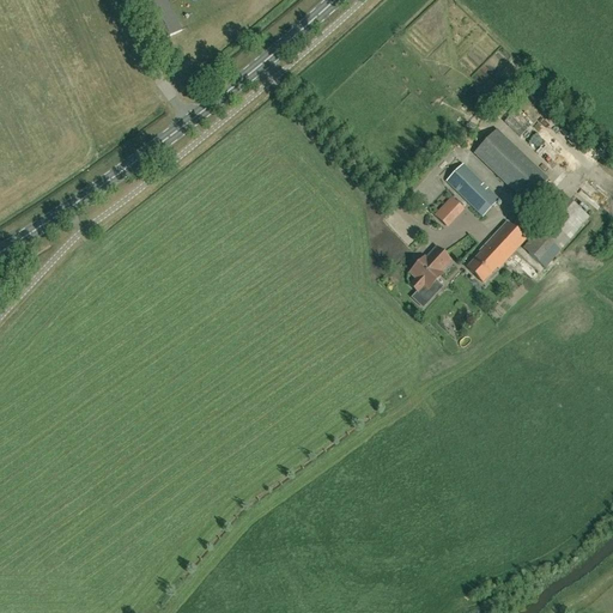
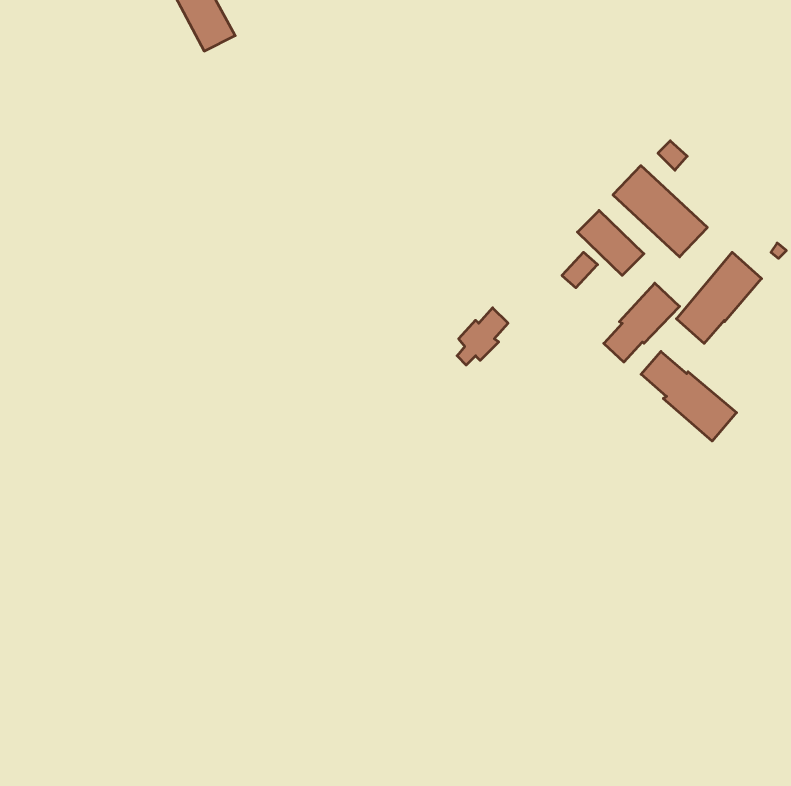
building: [409,245,449,290] -> [457,308,508,365]
building: none -> [641,351,737,441]

